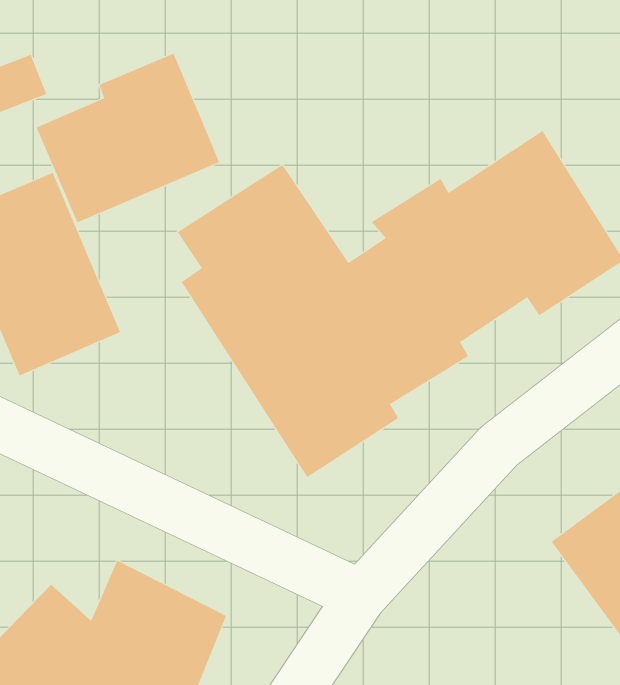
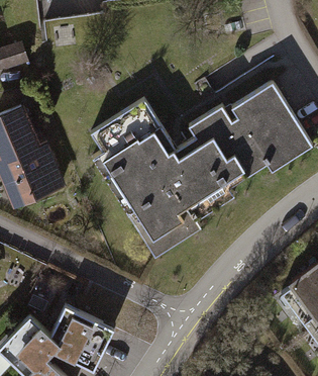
building: [36,53,220,223] -> none

